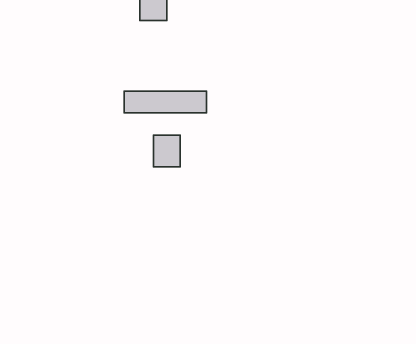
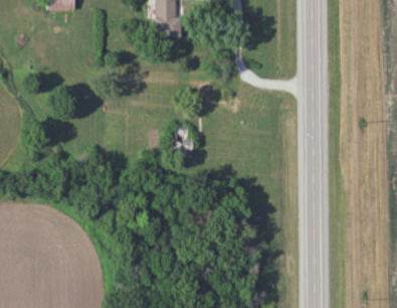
building: [124,91,206,113] -> none

